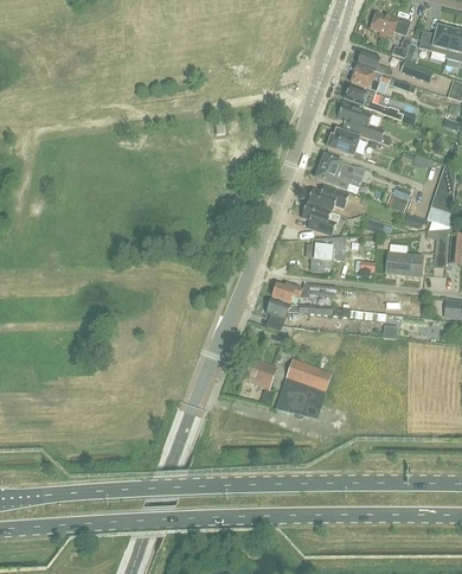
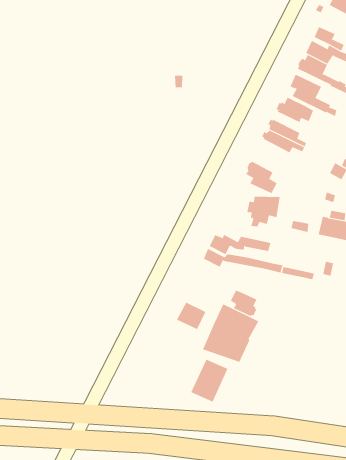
building: [307,185,348,211] -> none
building: none -> [230,290,257,317]
building: none -> [190,359,228,402]

